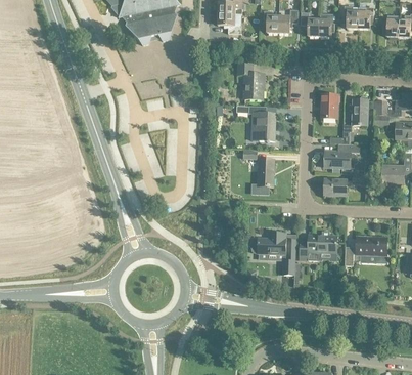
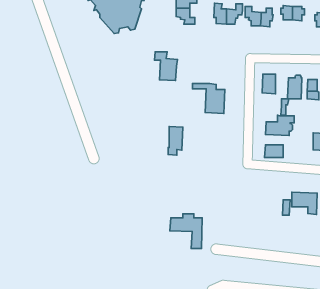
building: [236,65,264,99] -> [154,52,177,81]
building: [257,158,274,193] -> [168,126,183,155]
building: [300,232,336,259] -> none
building: [257,233,295,275] -> [170,214,202,249]

